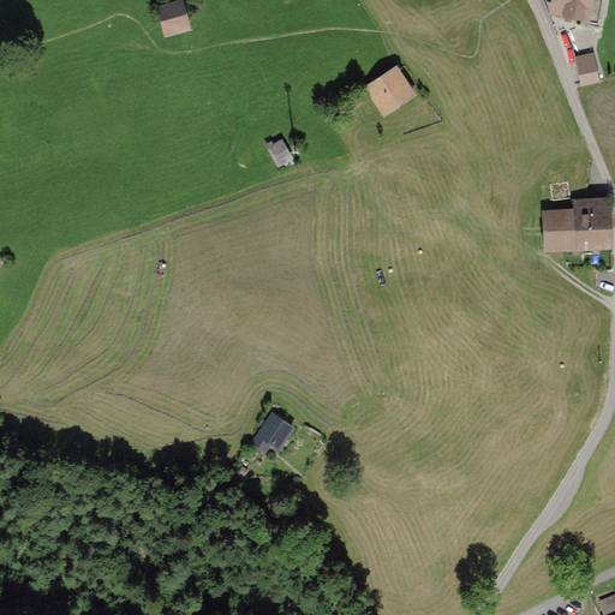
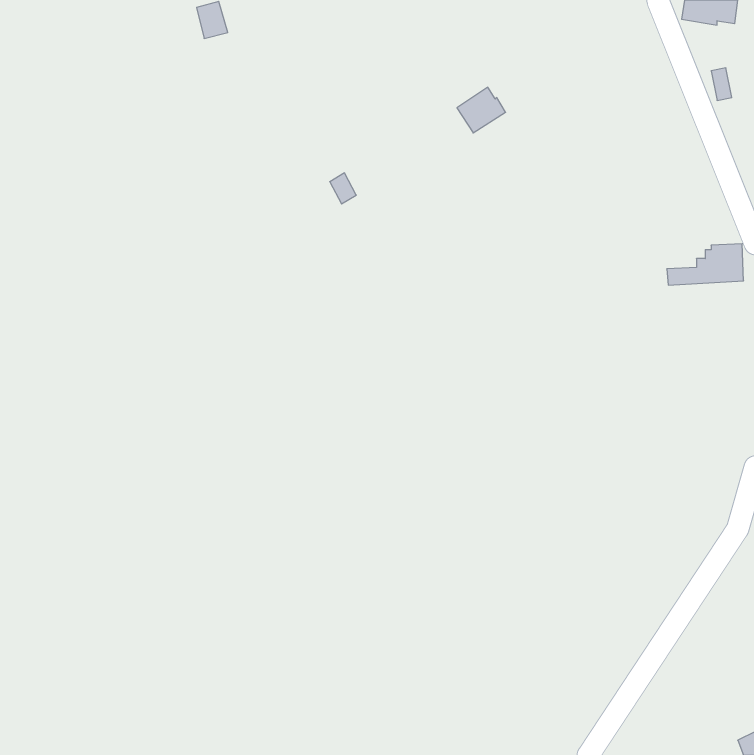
building: [544,228,607,249] -> none
building: [255,416,292,447] -> none

